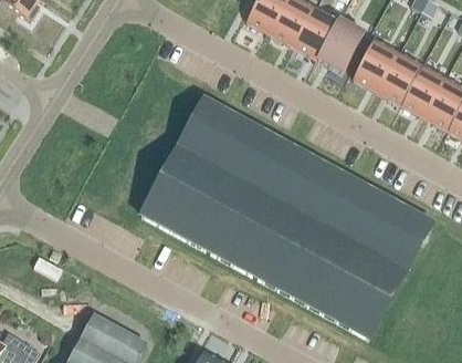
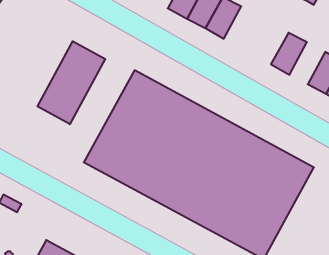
building: [317,19,364,73] -> none
building: [353,39,399,92] -> none
building: none -> [37,41,105,124]
building: [400,64,445,117] -> none

